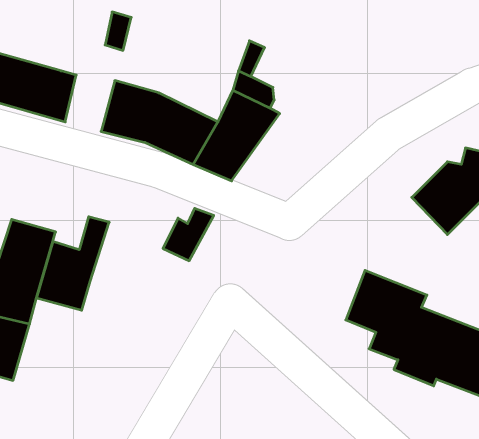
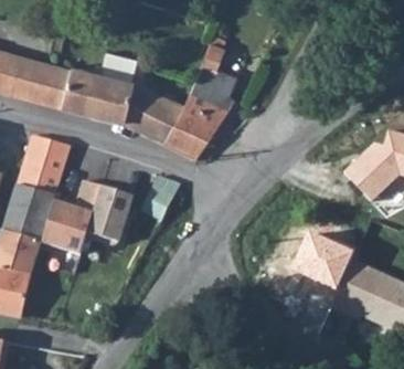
building: none -> [62,66,103,116]
building: none -> [19,138,71,197]
building: none -> [82,189,128,246]

